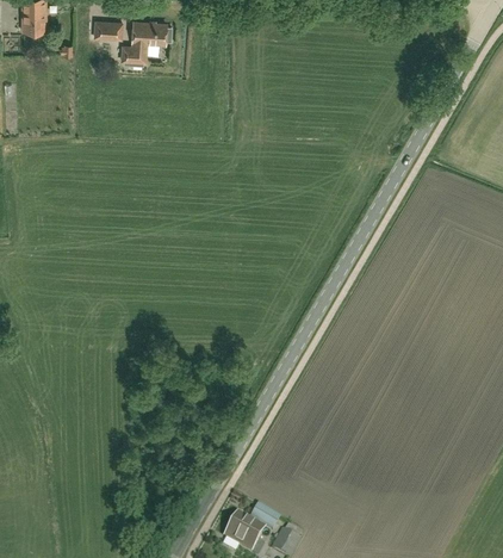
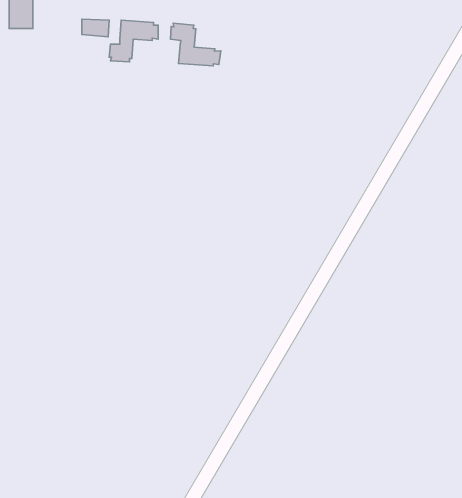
building: none -> [171,23,221,66]

